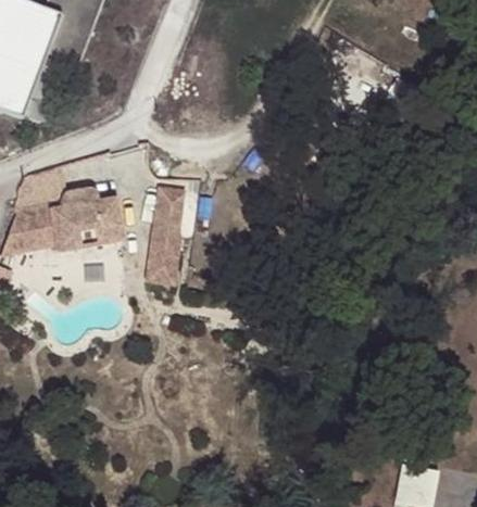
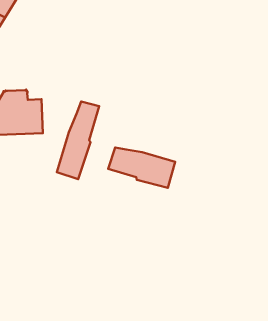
building: none -> [108,148,175,188]

